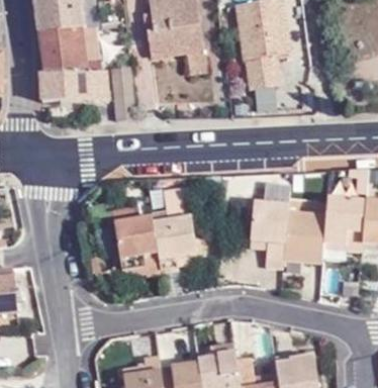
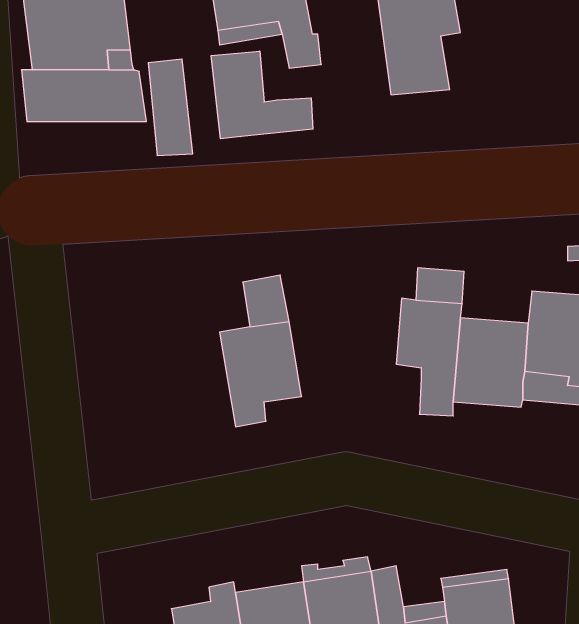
building: none -> [211,51,313,139]
building: [111,206,160,276] -> none

